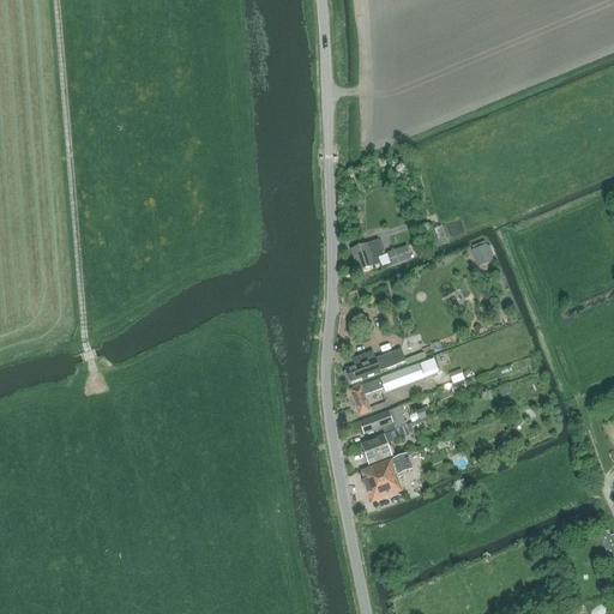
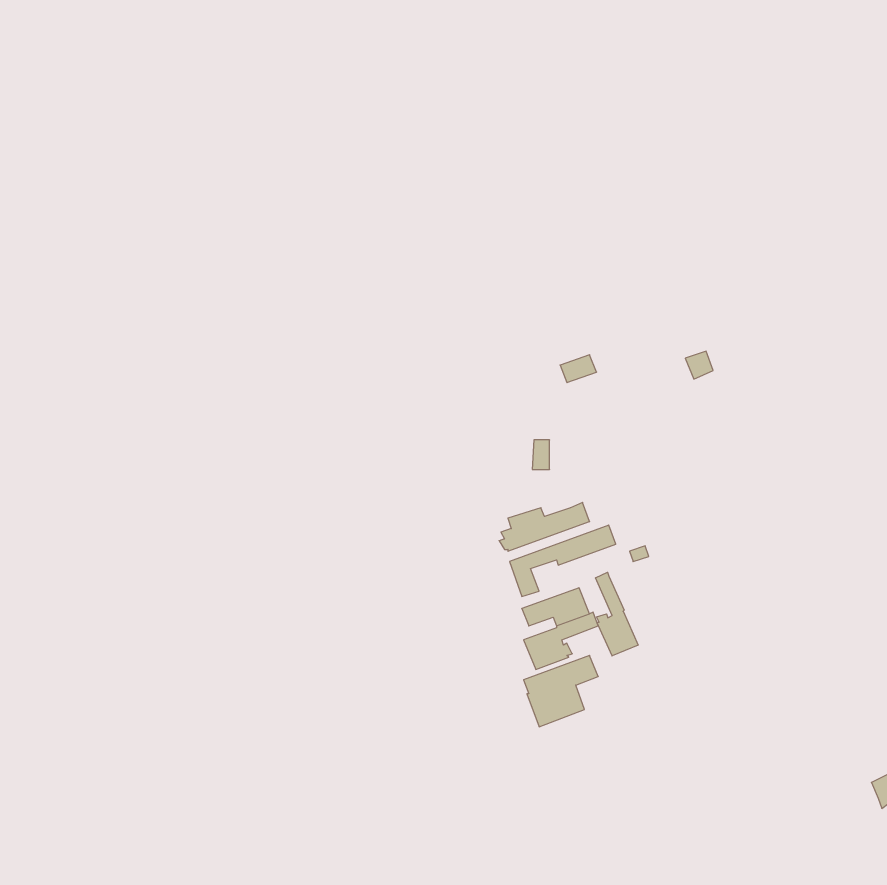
building: [353,239,384,269] -> none
building: none -> [596,572,638,656]

